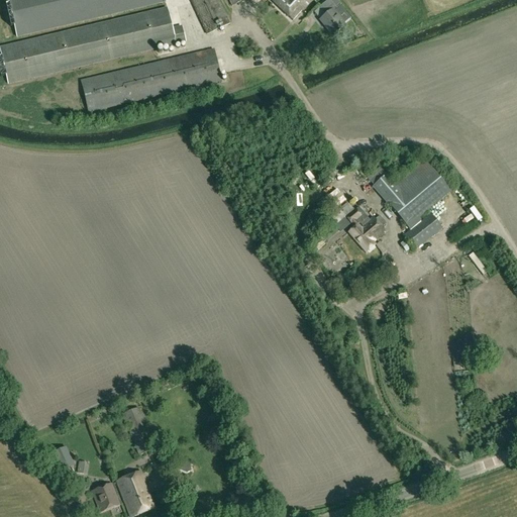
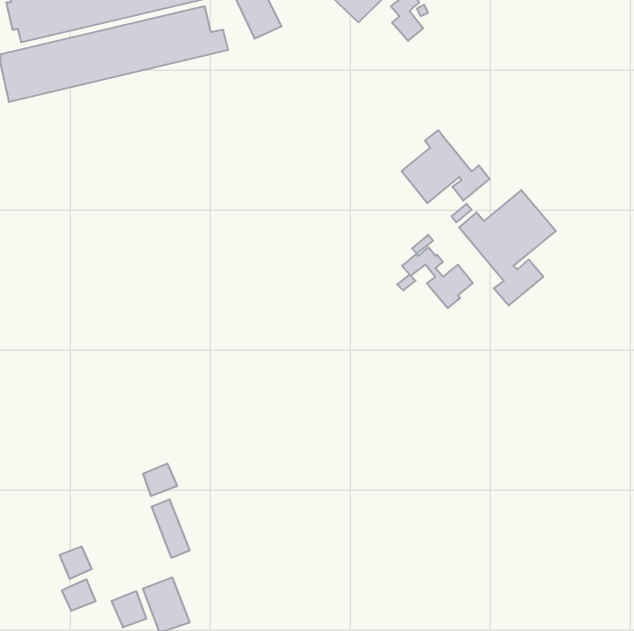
building: [81,46,221,111] -> none
building: none -> [402,130,490,203]
building: none -> [143,463,177,496]
building: none -> [62,579,96,611]

